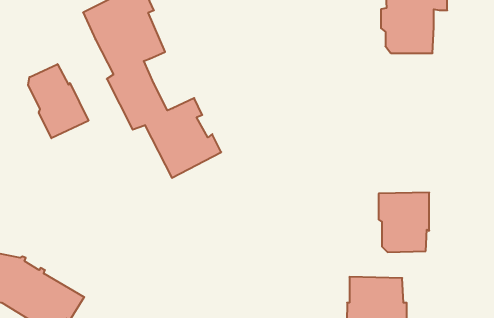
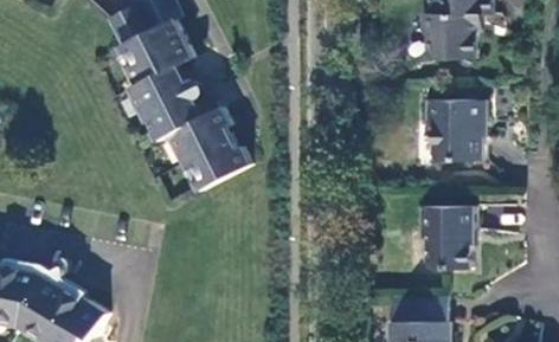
building: [28,64,88,138] -> none
building: none -> [425,99,484,161]

